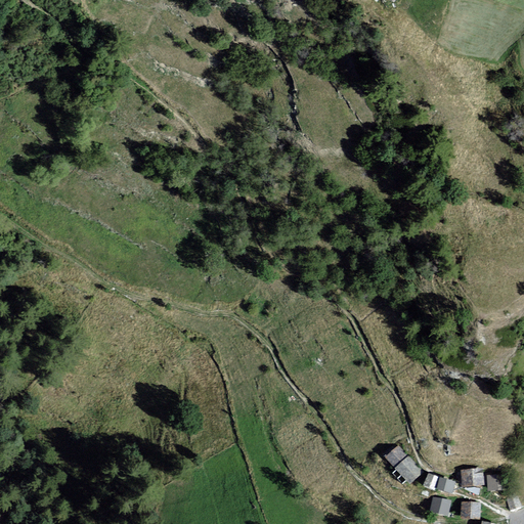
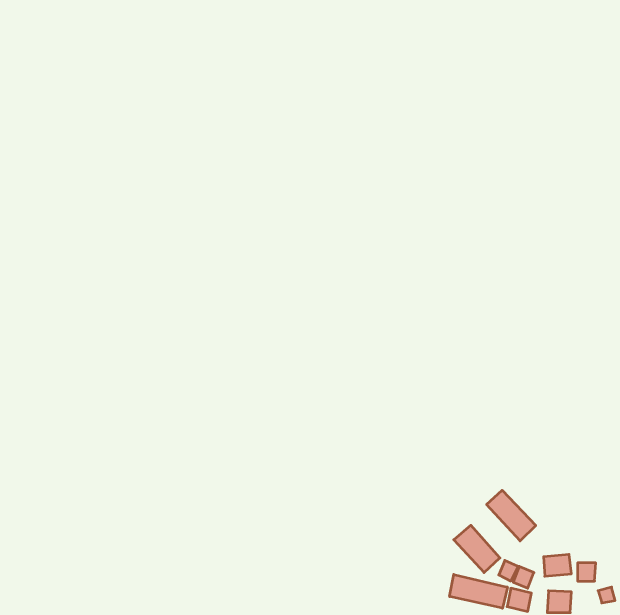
building: none -> [487,490,536,541]
building: none -> [450,574,507,608]

